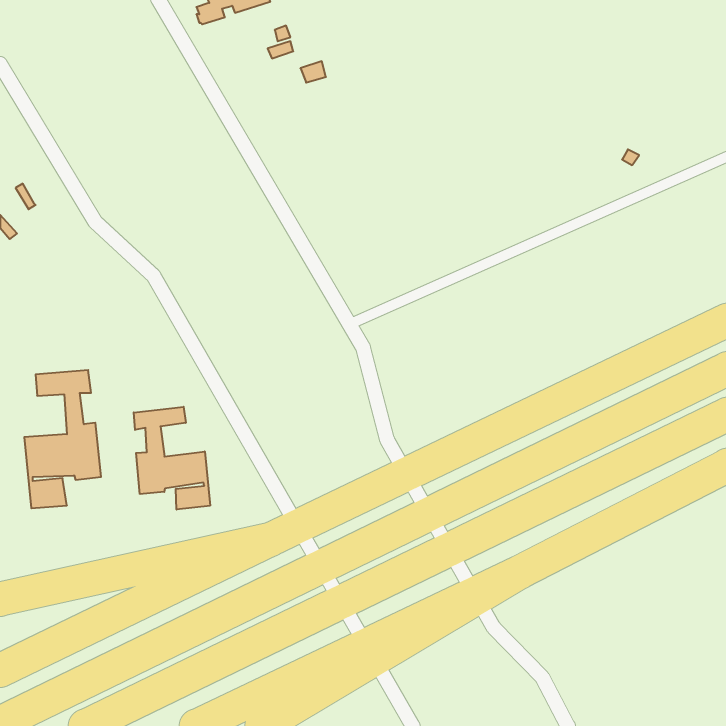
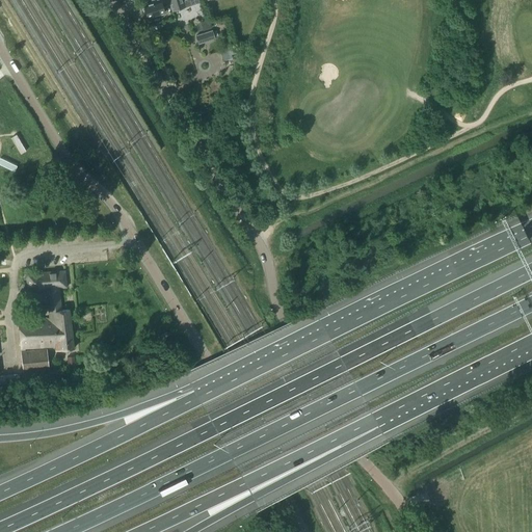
building: [134,407,210,510] -> none

